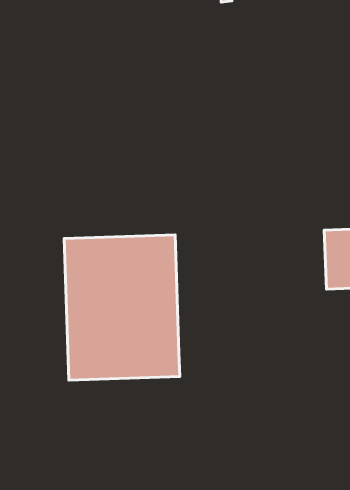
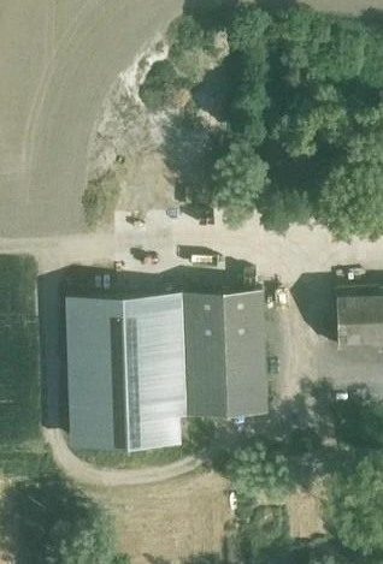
building: none -> [179,293,272,416]

